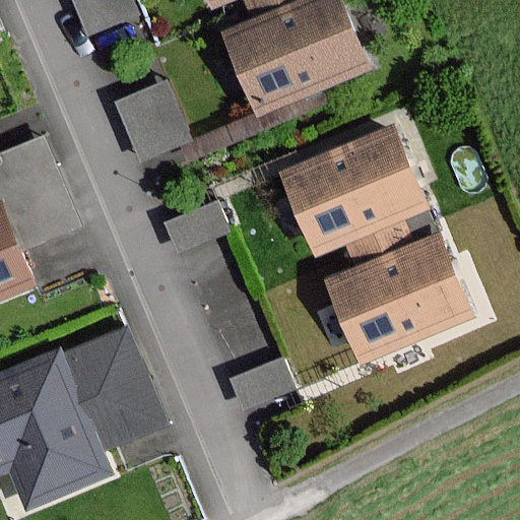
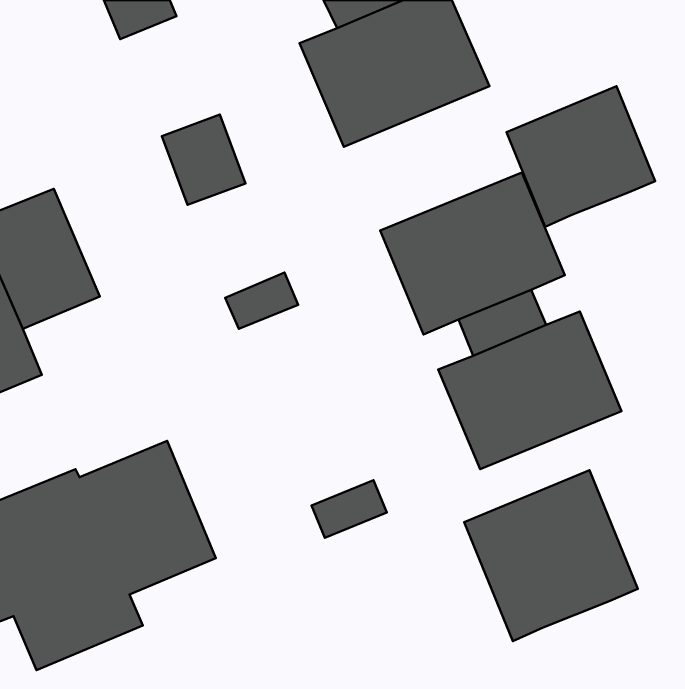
building: none -> [507,86,655,227]
building: none -> [464,470,638,641]

